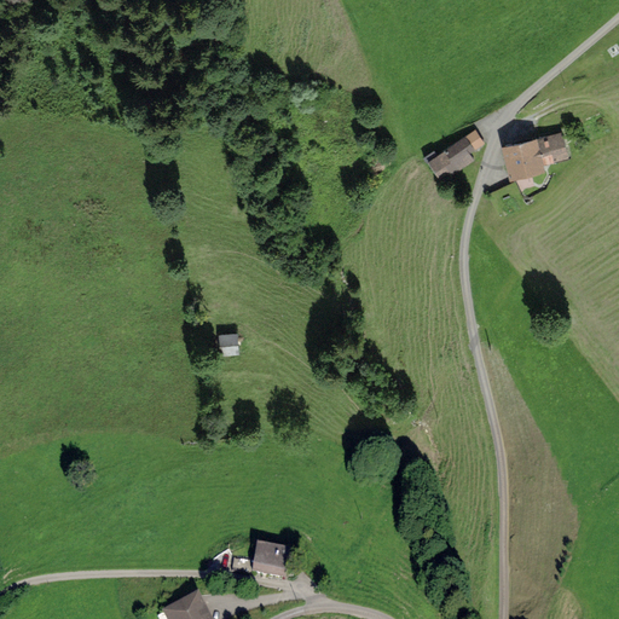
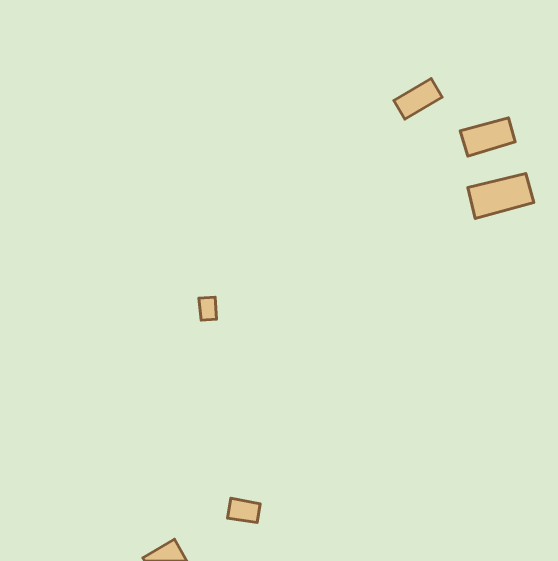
building: [427,138,480,183] -> [394,79,442,119]
building: none -> [468,173,534,218]

